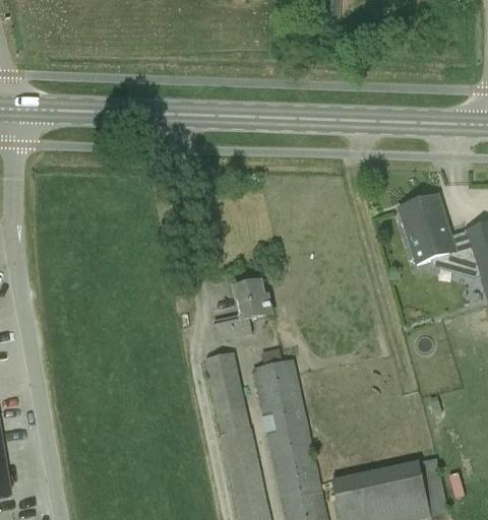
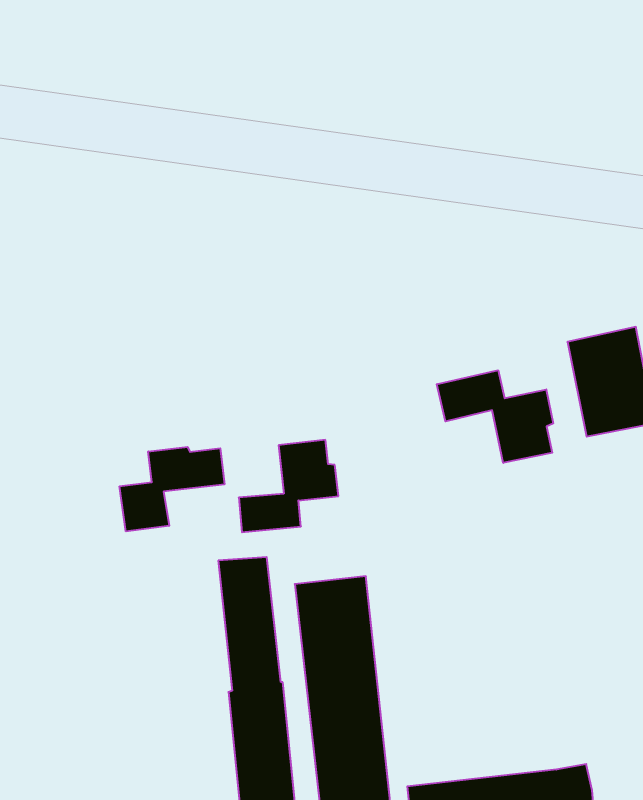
building: none -> [437,370,553,463]
building: none -> [120,447,224,531]

